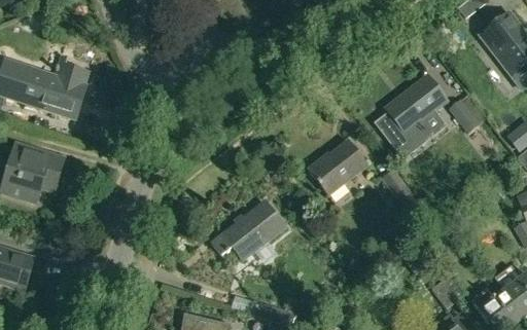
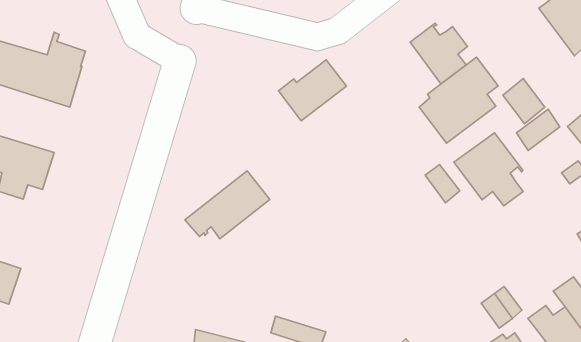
building: none -> [410,23,467,84]
building: none -> [516,109,560,151]
building: none -> [454,133,523,206]
building: [309,142,367,194] -> [278,60,347,121]
building: [212,201,285,260] -> [185,171,270,239]

